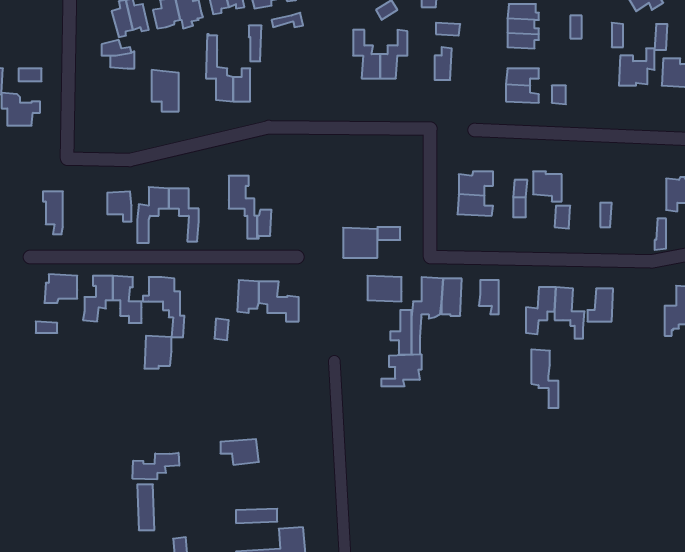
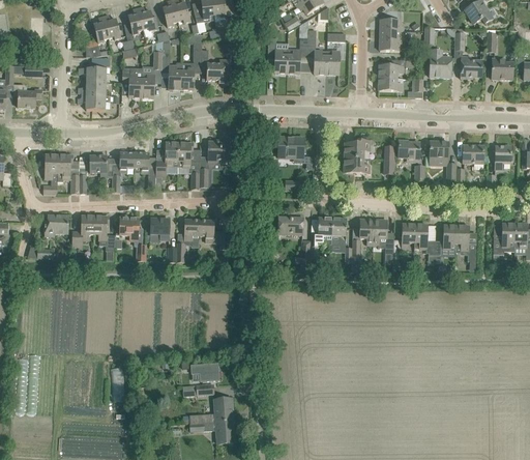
building: none -> [307,29,327,74]
building: none -> [142,40,163,97]
building: none -> [430,50,451,77]
building: none -> [207,59,231,82]
building: none -> [78,67,115,110]
building: none -> [208,141,229,163]
building: none -> [430,141,448,165]
building: none -> [156,142,178,177]
building: none -> [463,145,483,169]
building: none -> [58,154,80,193]
building: [343,228,377,258] -> [278,136,303,157]
building: none -> [455,225,476,260]
building: [144,336,172,369] -> [150,218,170,241]
building: [531,349,558,408] -> [374,219,393,261]
building: [381,354,421,386] -> none
building: [220,439,259,465] -> [192,362,219,380]
building: [133,453,179,479] -> none

